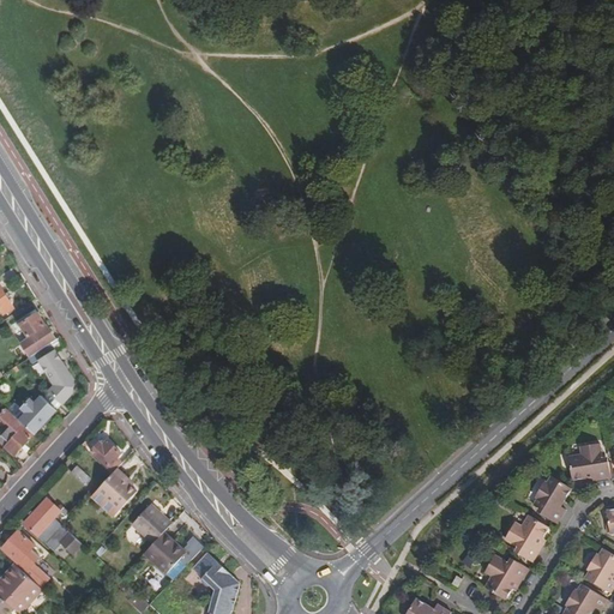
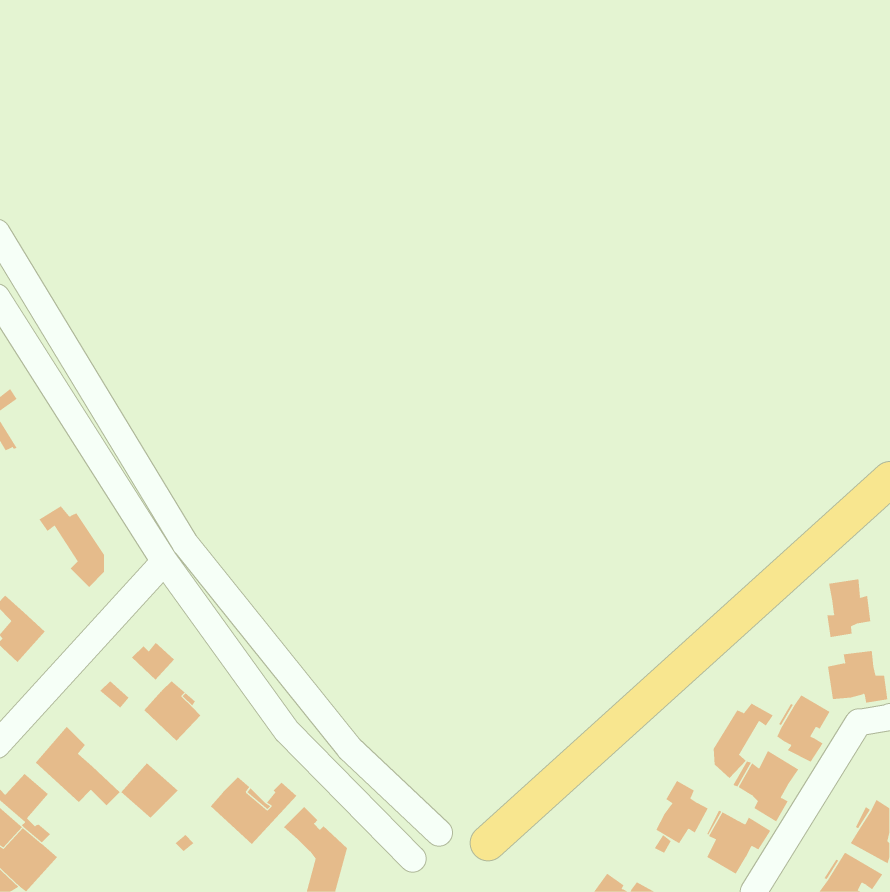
building: [14,311,53,356] -> none
building: [17,395,54,434] -> none
building: none -> [827,579,871,638]
building: none -> [713,703,773,779]
building: [132,505,171,543] -> [121,763,178,819]
building: none -> [656,780,709,844]

